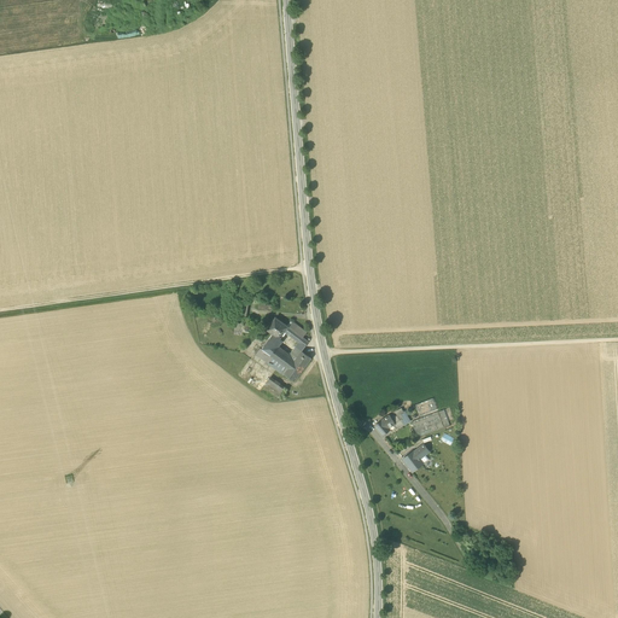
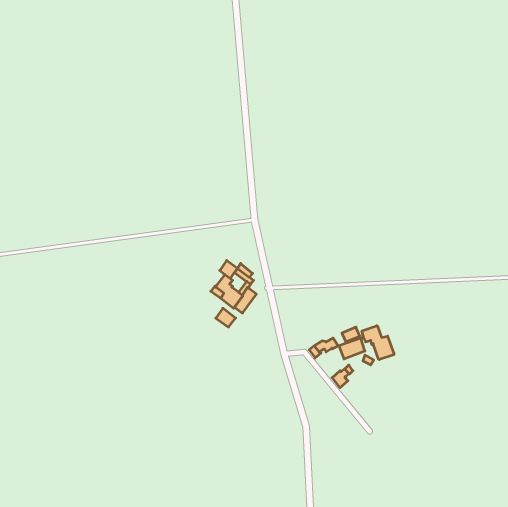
building: none -> [362,326,394,360]

